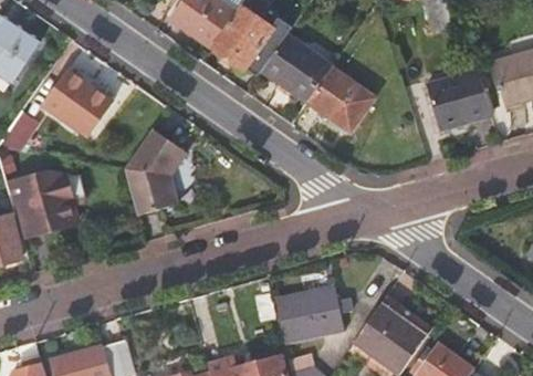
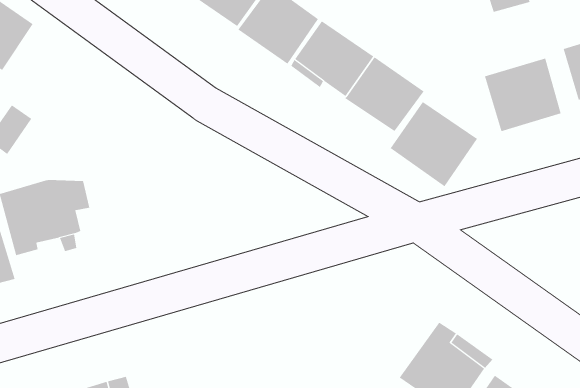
building: [42,72,112,139] -> none
building: none -> [390,101,478,187]
building: [125,129,185,217] -> none
building: [278,284,347,346] -> none

